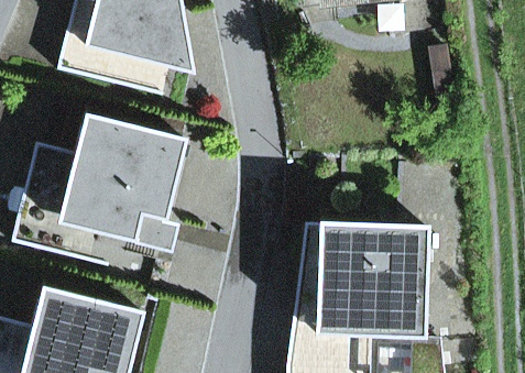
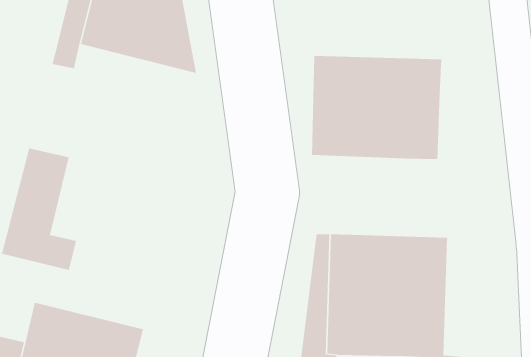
building: none -> [312,55,442,160]
building: [58,116,188,250] -> none

